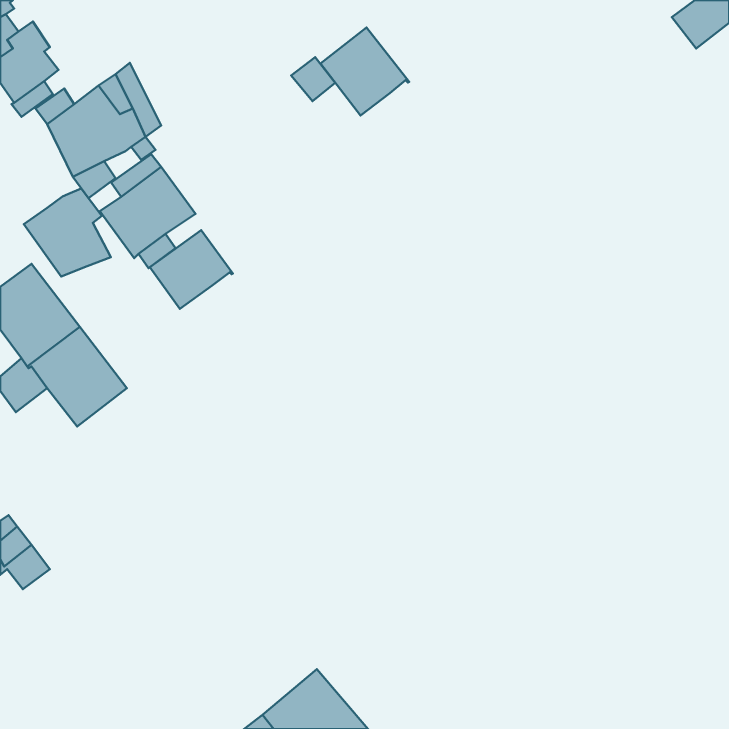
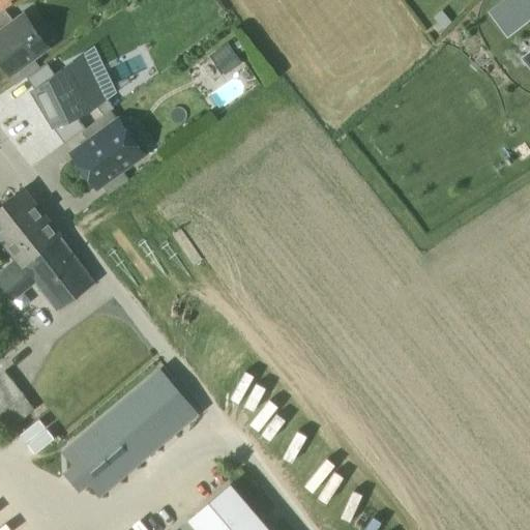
building: [320,28,409,115] -> none
building: [24,188,111,276] -> none
building: [150,230,233,309] -> none
building: none -> [65,373,194,493]

